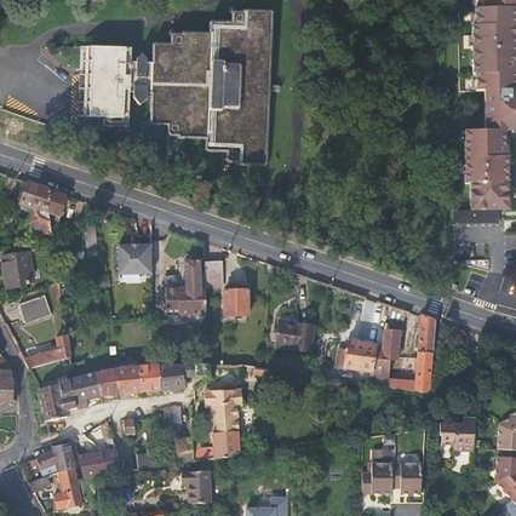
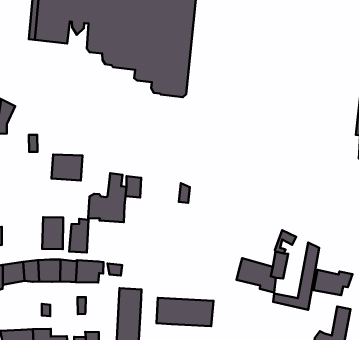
building: [224,288,247,314] -> none
building: none -> [69,219,88,252]
building: none -> [42,217,63,249]
building: [277,320,315,350] -> none
building: none -> [313,270,352,295]
building: none -> [156,298,213,326]

